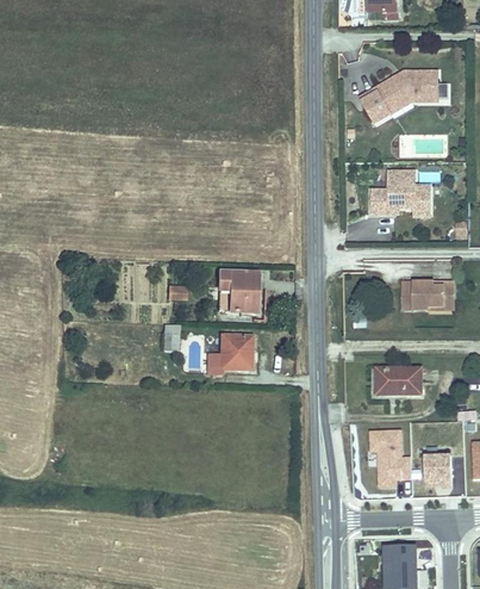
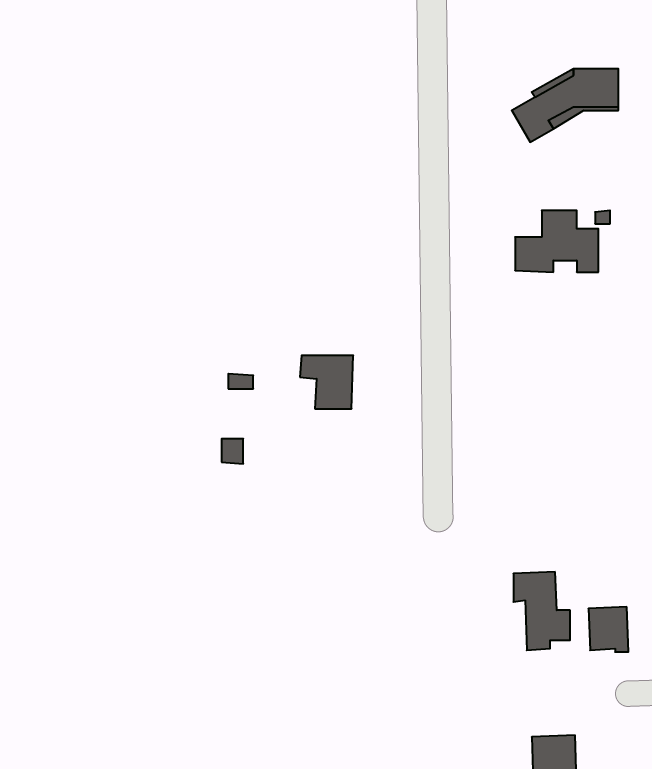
building: [401,281,451,308] -> none
building: [208,336,251,373] -> none
building: [384,362,428,390] -> none

